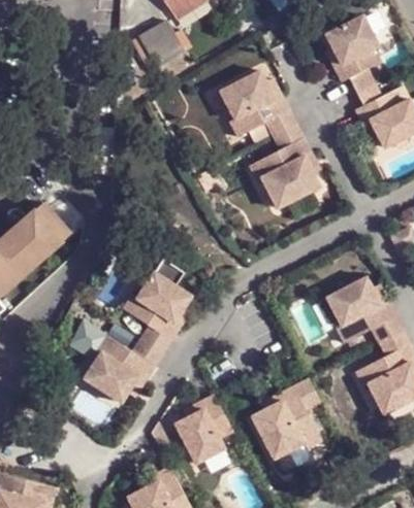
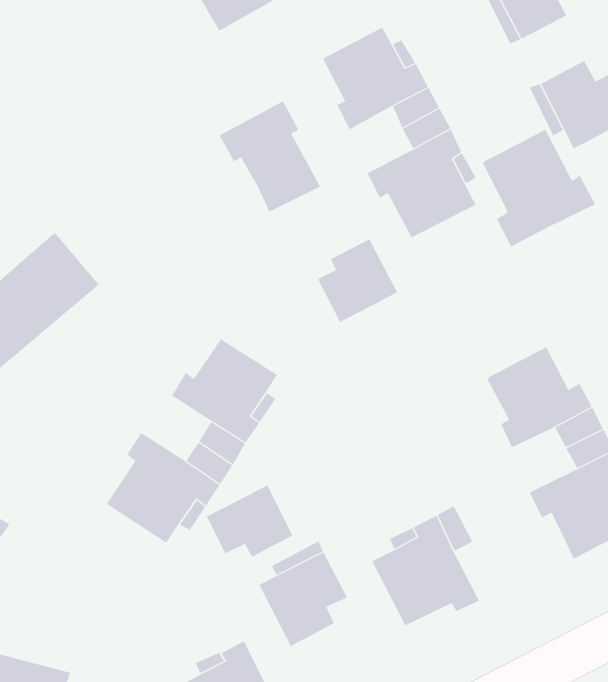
building: none -> [219,101,321,212]
building: none -> [482,129,596,247]
building: none -> [317,239,398,323]
building: none -> [206,484,293,558]

